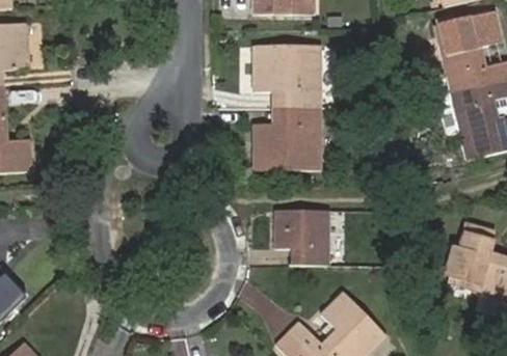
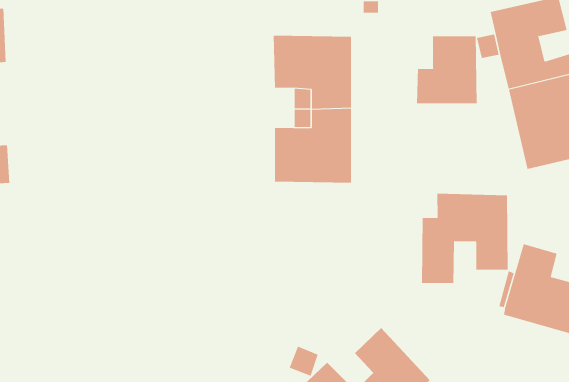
building: none -> [417,36,477,104]
building: none -> [422,193,508,284]
building: [274,210,328,265] -> none

